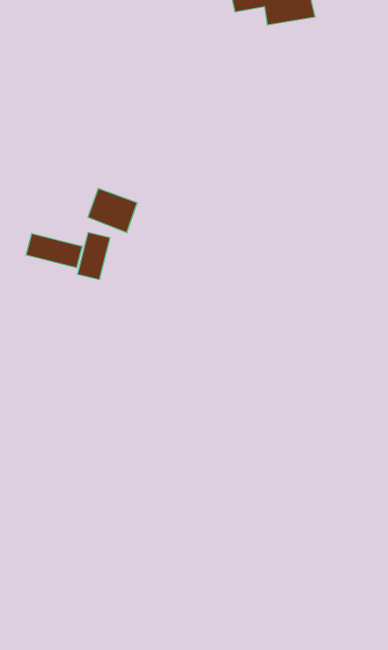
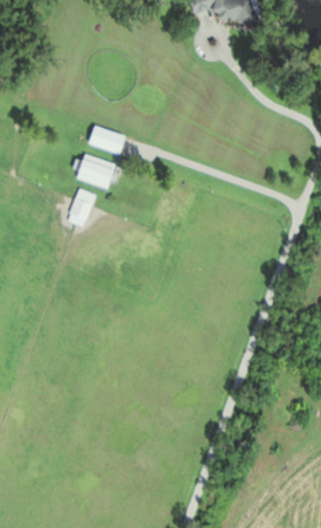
building: none -> [89,126,126,154]
building: [26,233,82,268] -> none

